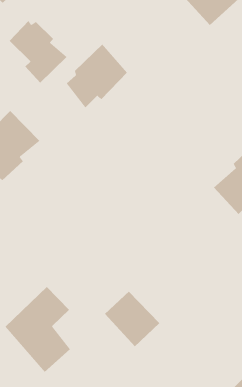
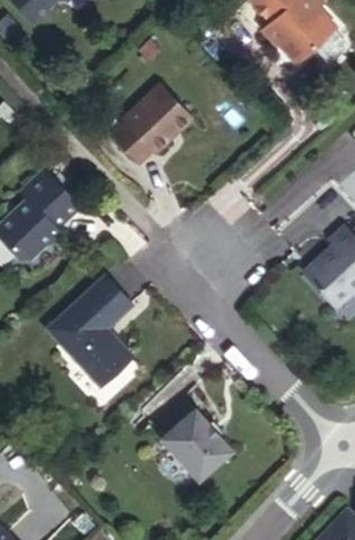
building: [9,20,67,83] -> none
building: [4,286,71,373] -> [47,274,134,388]

